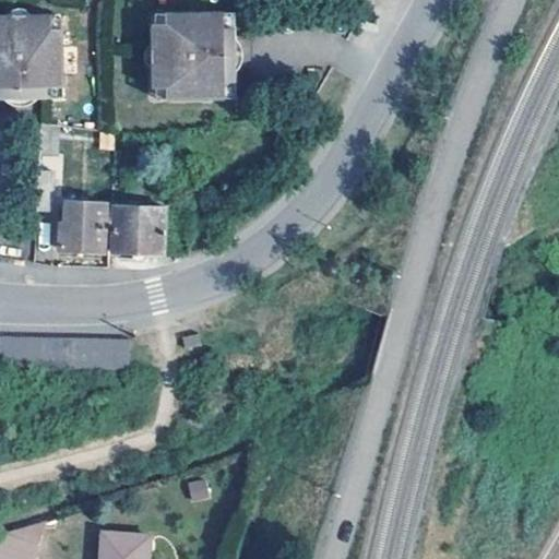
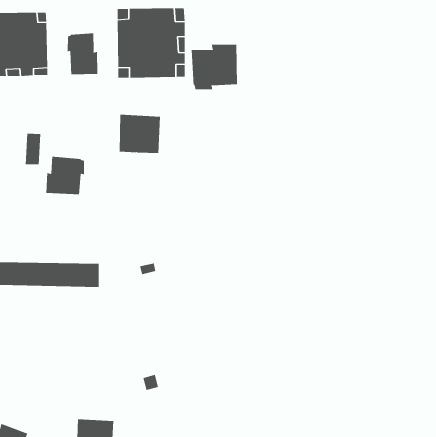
building: none -> [67,32,98,75]
building: none -> [191,44,237,90]
building: [111,203,165,253] -> [119,114,161,154]

